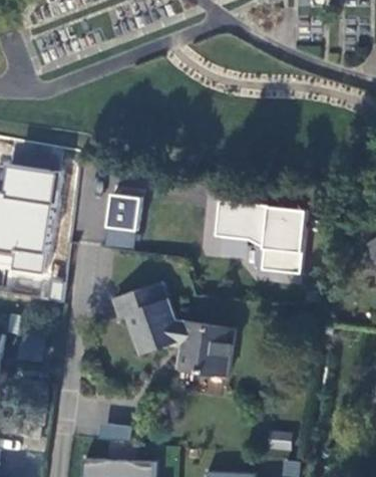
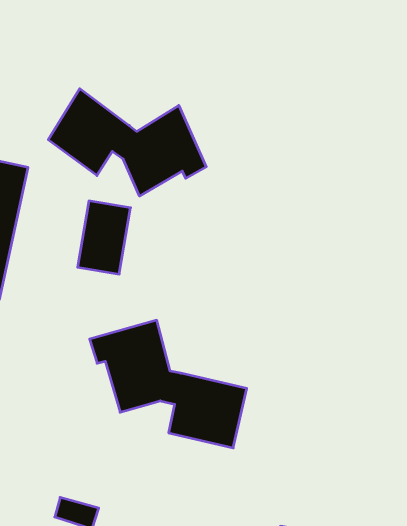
building: none -> [48,89,206,196]
building: [217,201,309,274] -> none

